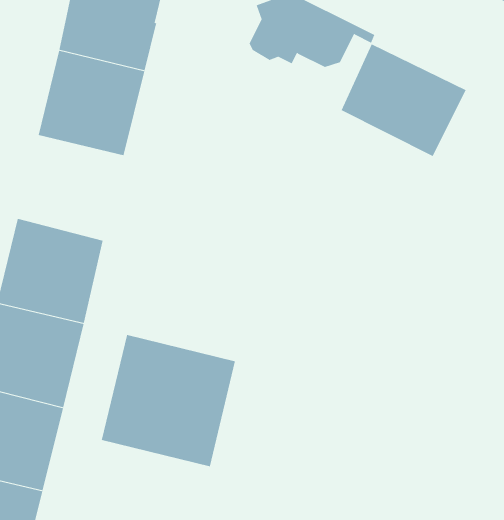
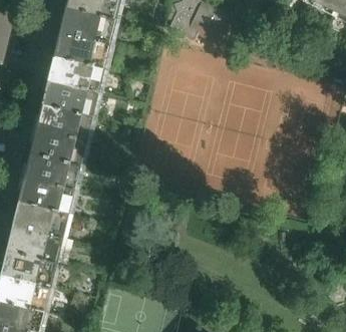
building: [341,43,466,157] -> none
building: none -> [35,80,97,141]
building: [101,334,236,467] -> none

